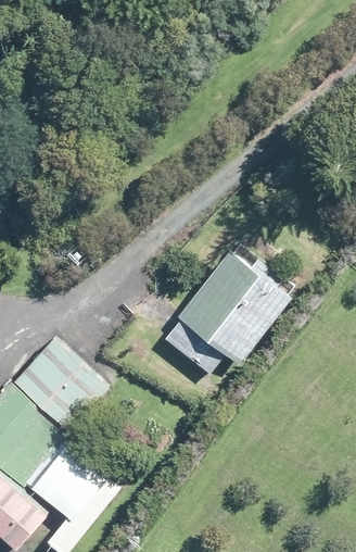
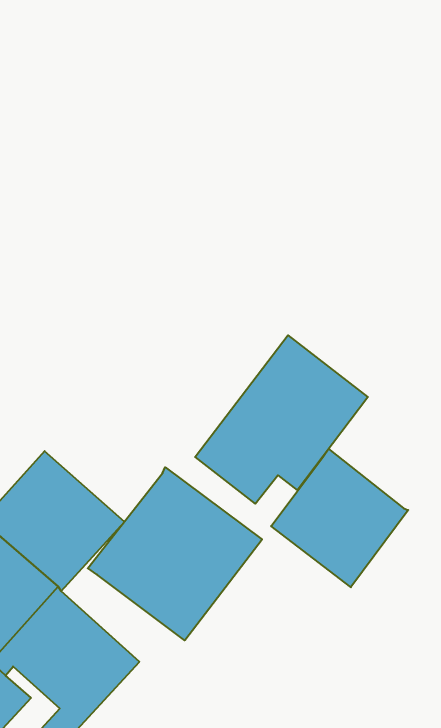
building: none -> [271,449,408,587]
building: none -> [88,467,262,640]

